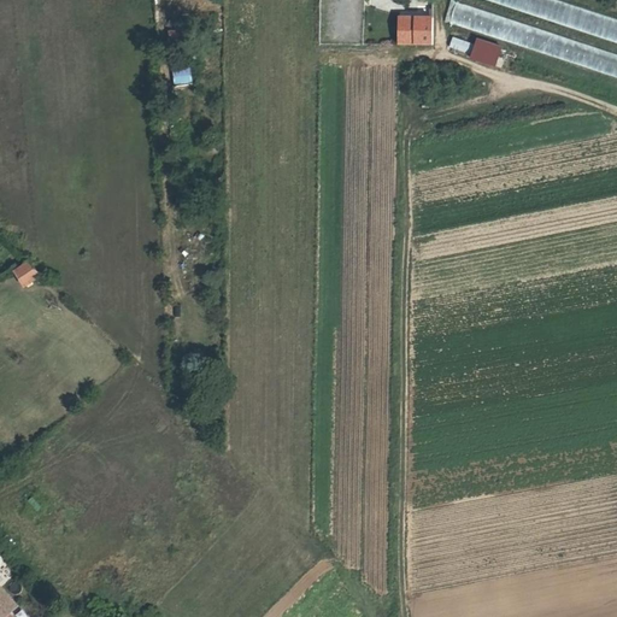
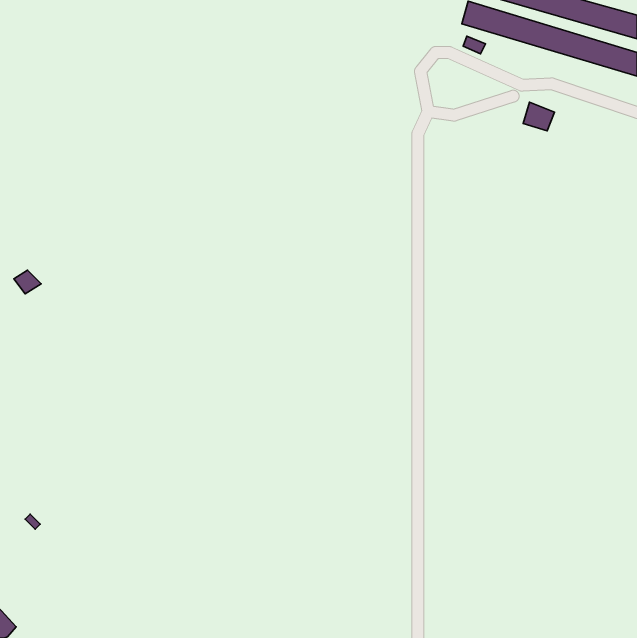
building: [399,16,431,43] -> none
building: [469,37,499,65] -> [523,102,555,131]

